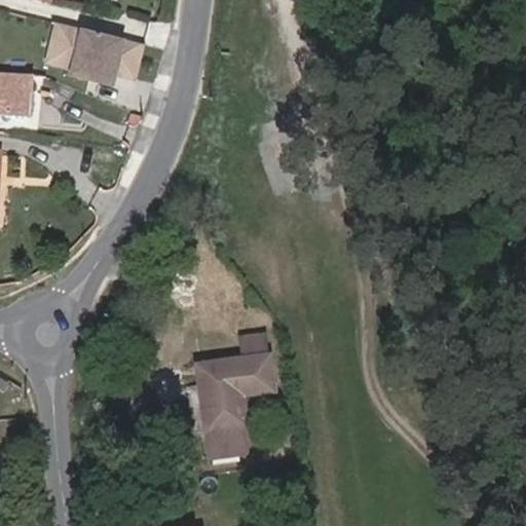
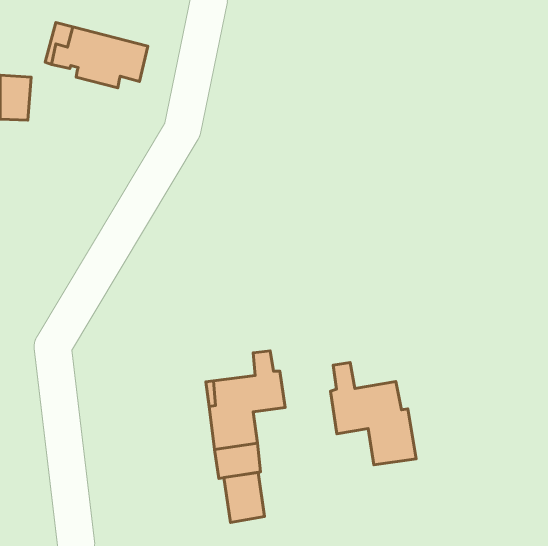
building: none -> [331,362,416,465]
building: none -> [224,472,265,523]

